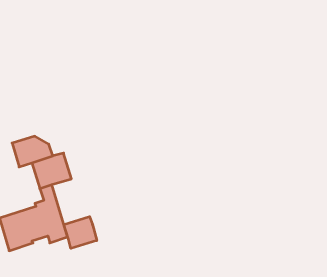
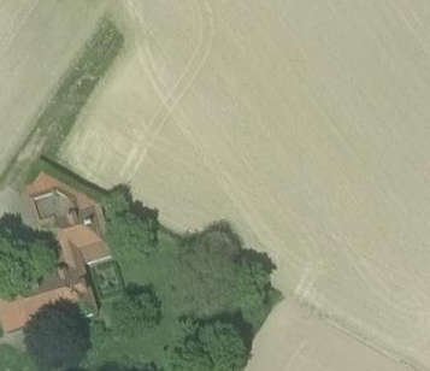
building: [64,217,97,248] -> none

